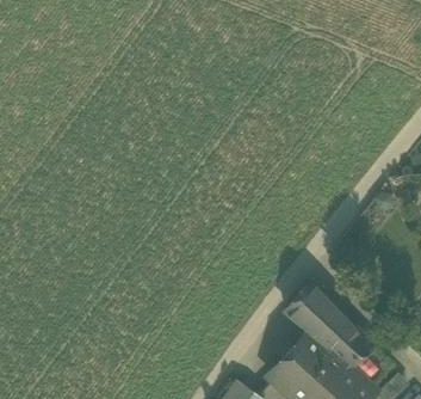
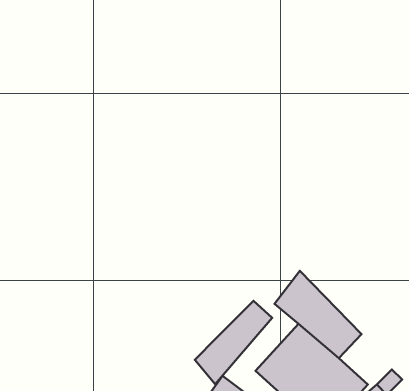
building: none -> [195,301,272,384]

